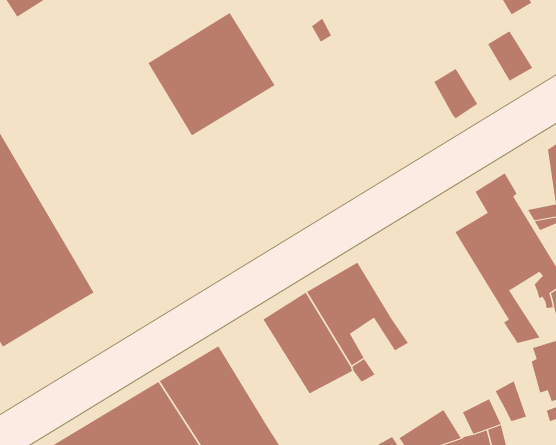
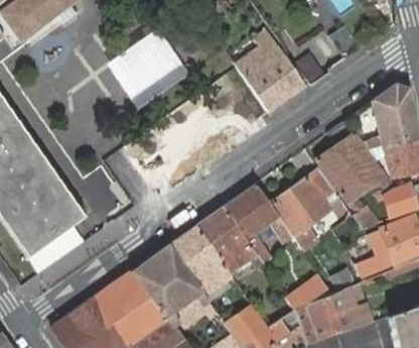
building: none -> [236,30,306,112]
building: none -> [273,169,339,250]
building: none -> [169,226,233,296]

